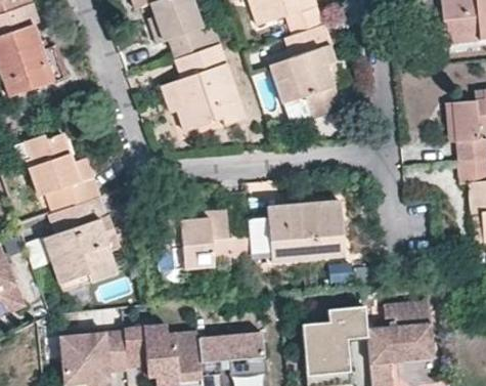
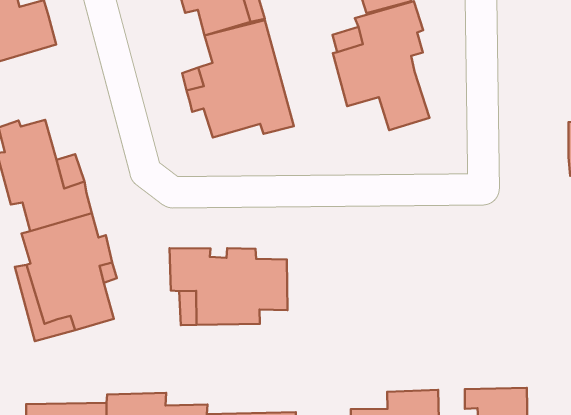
building: [248,202,342,263] -> none

